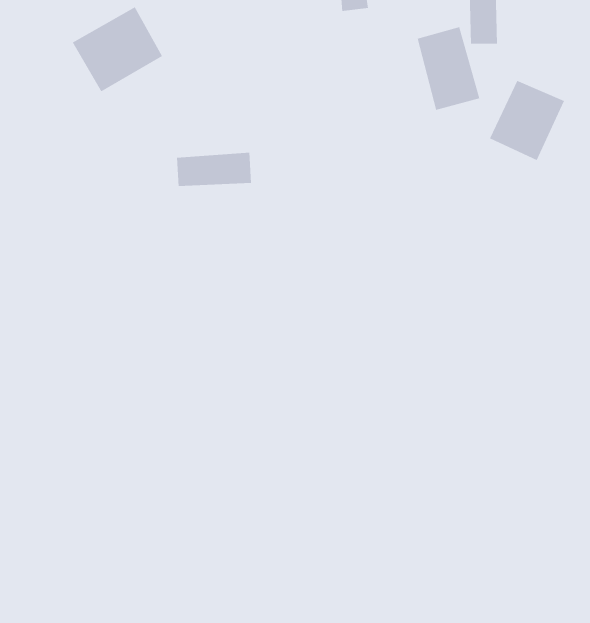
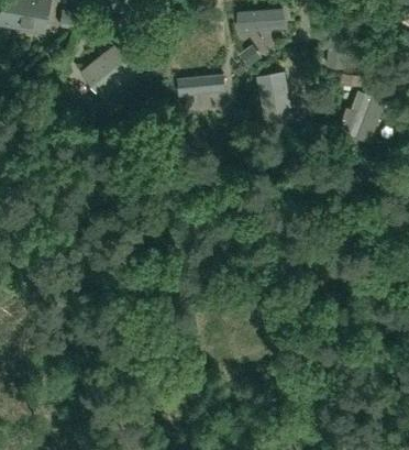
building: [417,27,480,111] -> [254,70,295,124]
building: [176,152,252,187] -> [175,75,223,97]

